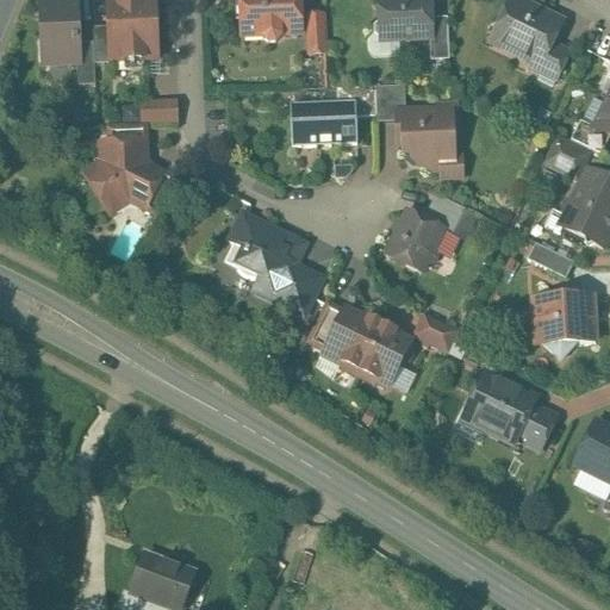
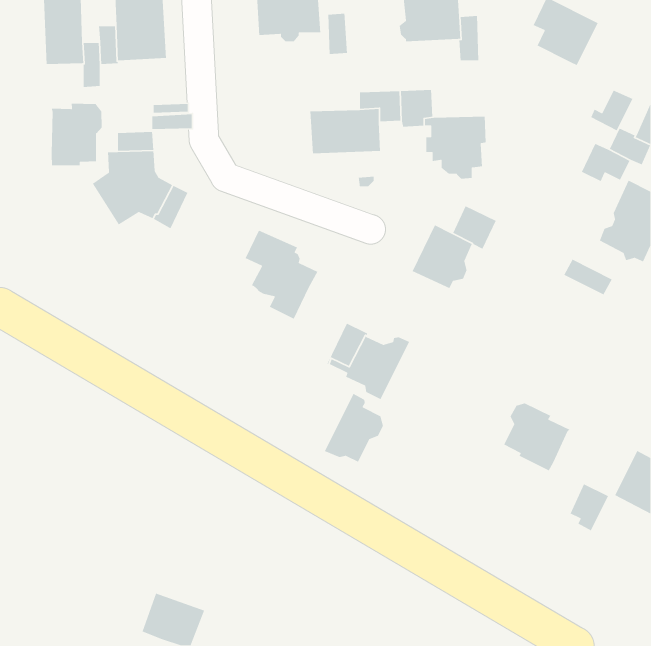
building: [529,41,569,80] -> [590,90,634,132]
building: none -> [51,103,103,166]
building: [275,269,317,312] -> none
building: [527,295,595,359] -> none
building: [412,312,459,353] -> none
building: [356,319,412,385] -> [324,393,384,463]
building: [518,404,555,449] -> [570,483,609,532]

